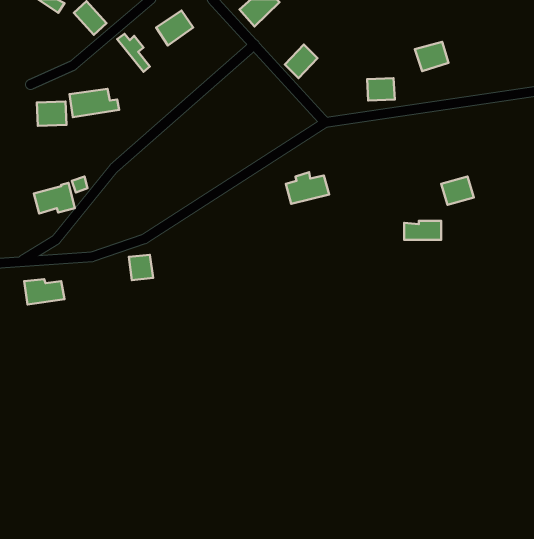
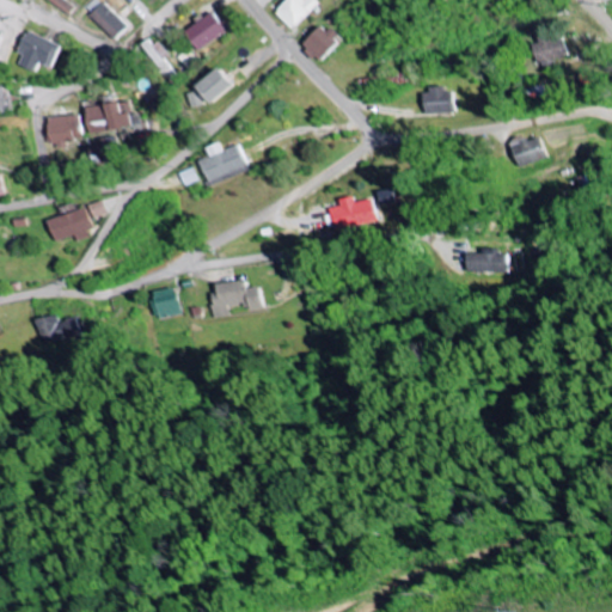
building: none -> [20,30,63,71]
building: [415,42,449,71] -> [531,32,569,66]
building: [285,44,317,78] -> [304,23,341,61]
building: none -> [185,68,232,109]
building: none -> [198,145,250,184]
building: [441,176,474,205] -> [507,134,544,166]
building: none -> [210,280,262,317]

